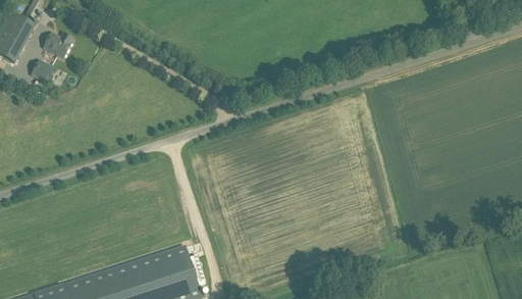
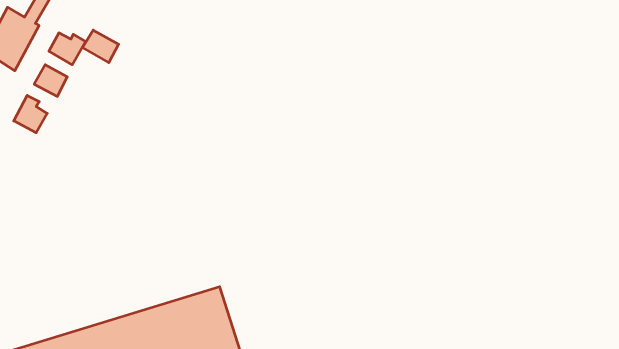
building: none -> [83,30,119,63]
building: none -> [14,95,47,133]

